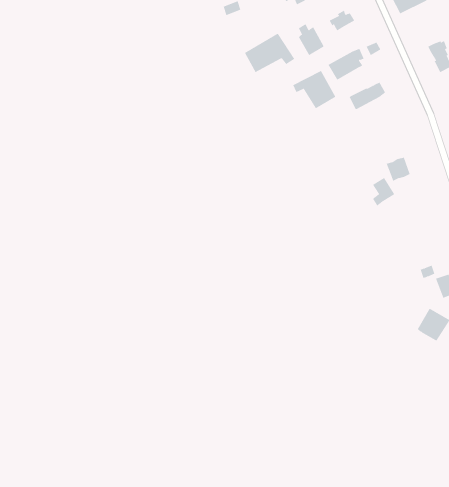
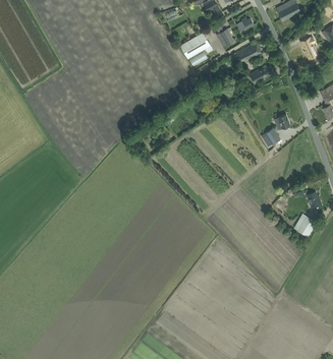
building: [293,70,336,109] -> none

